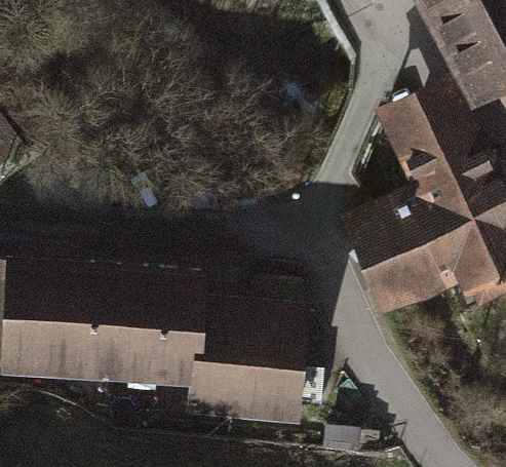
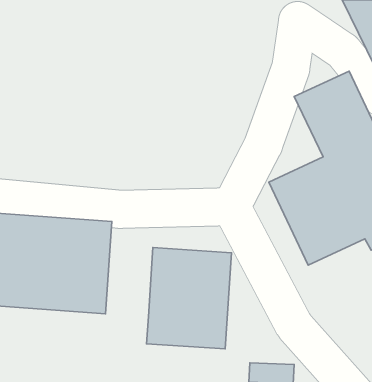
building: [151,271,207,383] -> none

